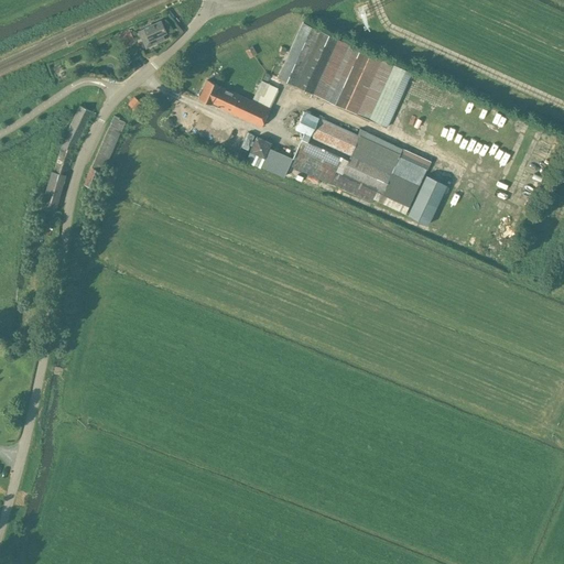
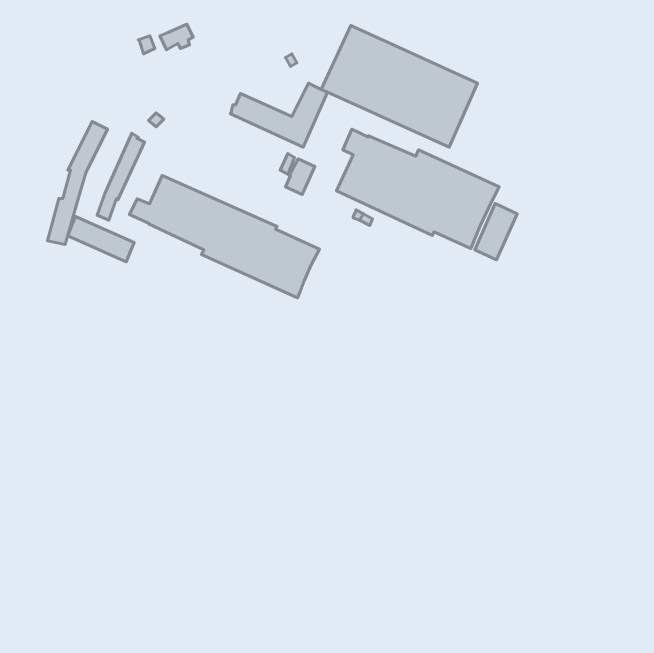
building: [261,149,292,178] -> none
building: none -> [129,176,319,298]
building: none -> [68,216,134,262]

